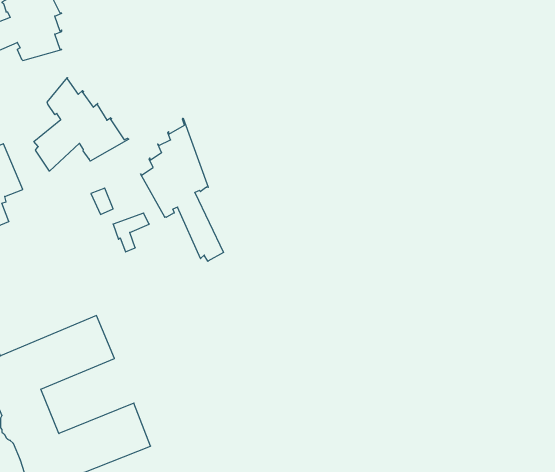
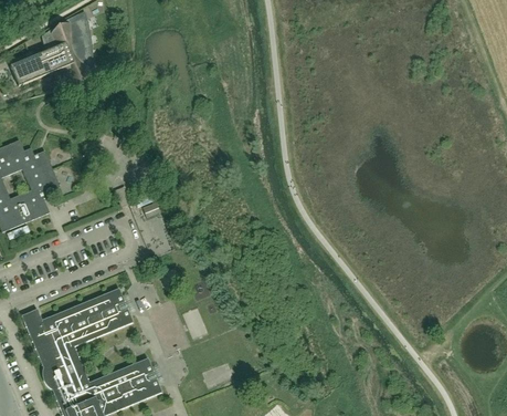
building: [34,78,129,171] -> none
building: [141,118,223,261] -> none

